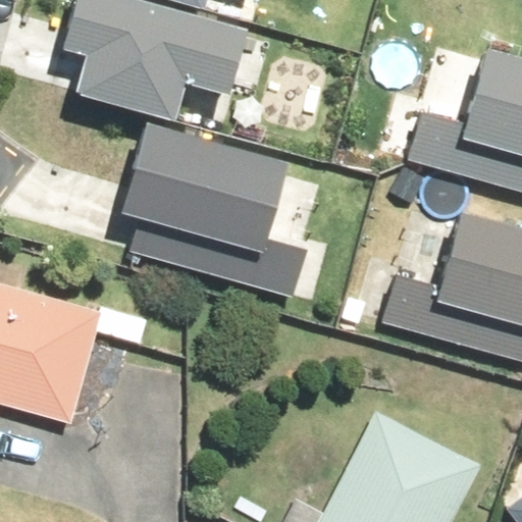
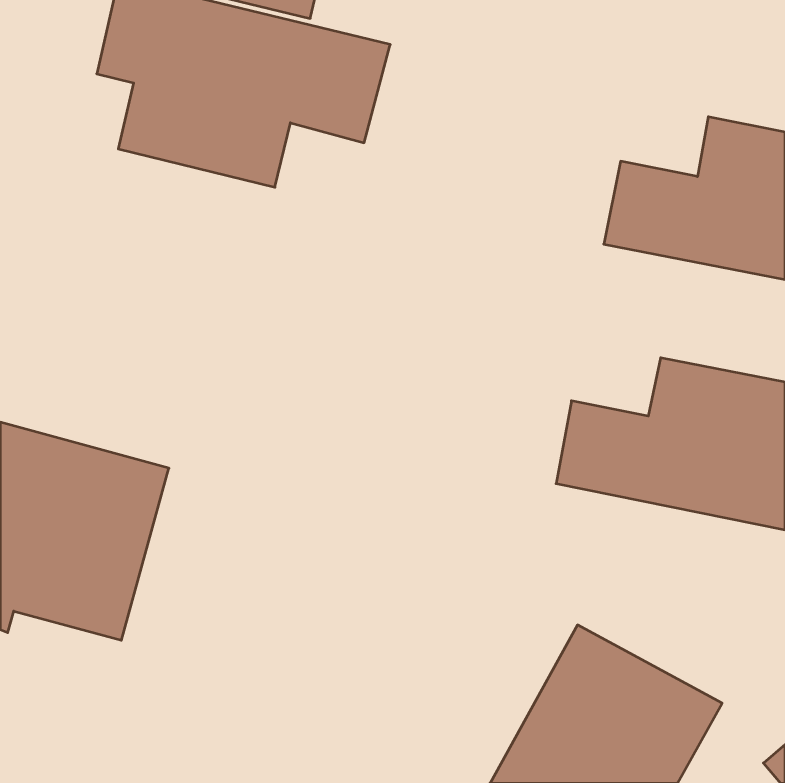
building: [133,132,301,292] -> none

